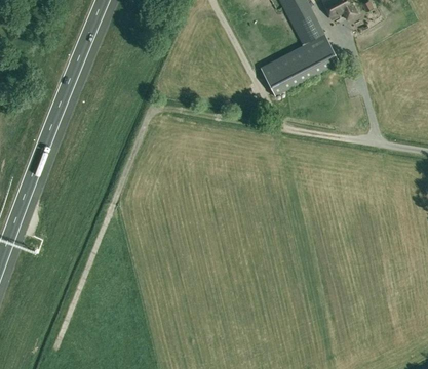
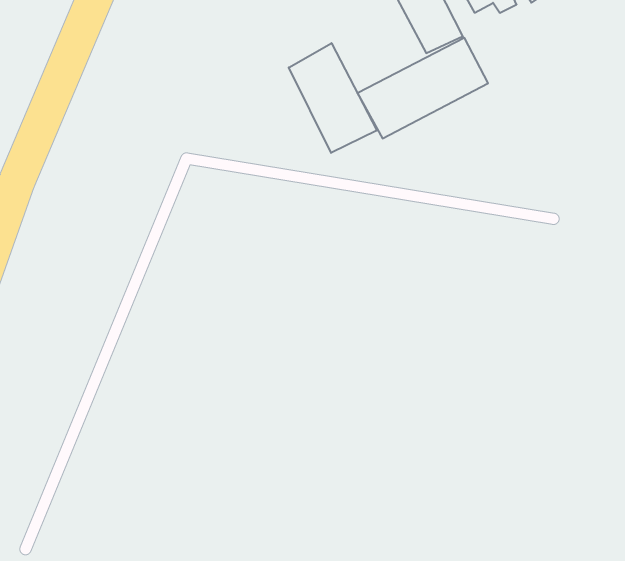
building: none -> [289,43,377,153]

